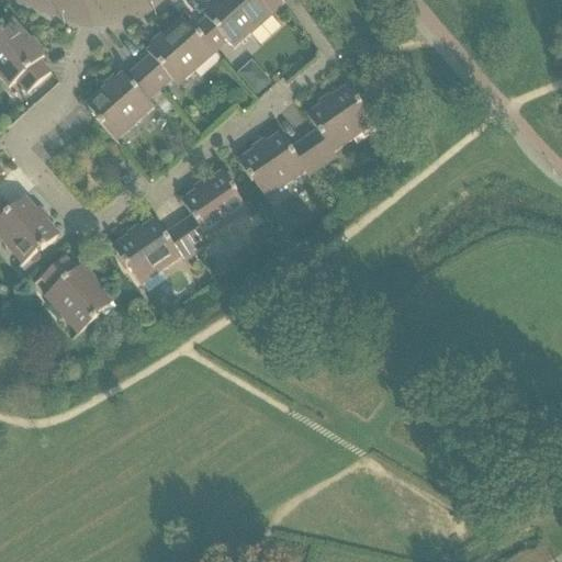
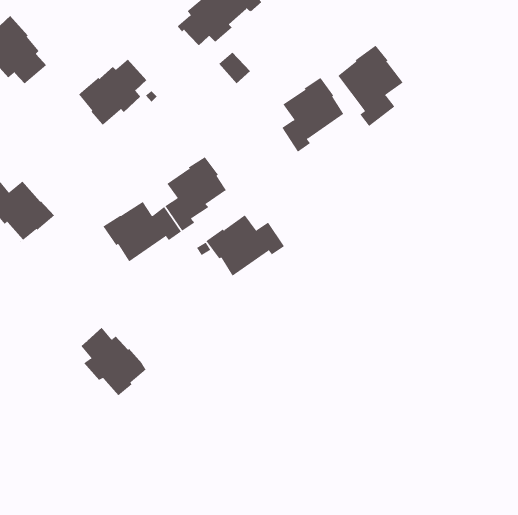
building: [138,16,221,87] -> none
building: none -> [337,45,403,127]
building: [236,131,322,198] -> [206,215,285,277]
building: [41,255,112,333] -> [80,327,146,399]

